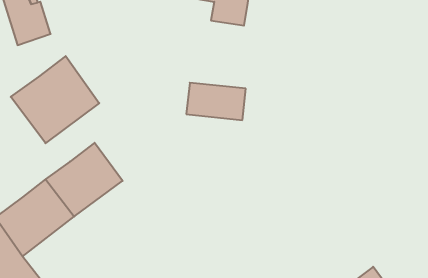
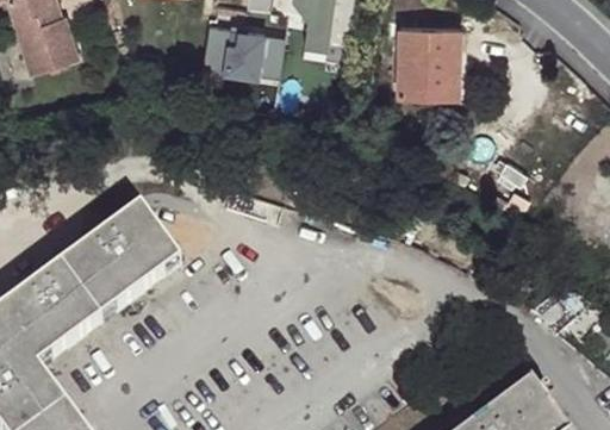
building: none -> [396,24,459,94]
building: [11,56,99,143] -> none
building: [186,83,246,120] -> [205,21,288,74]

